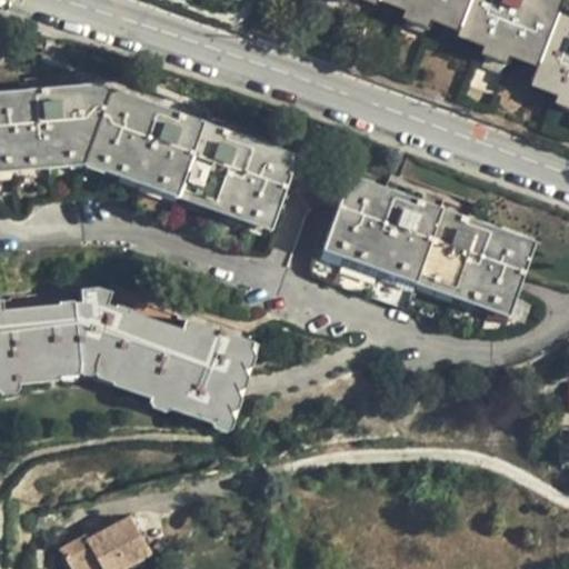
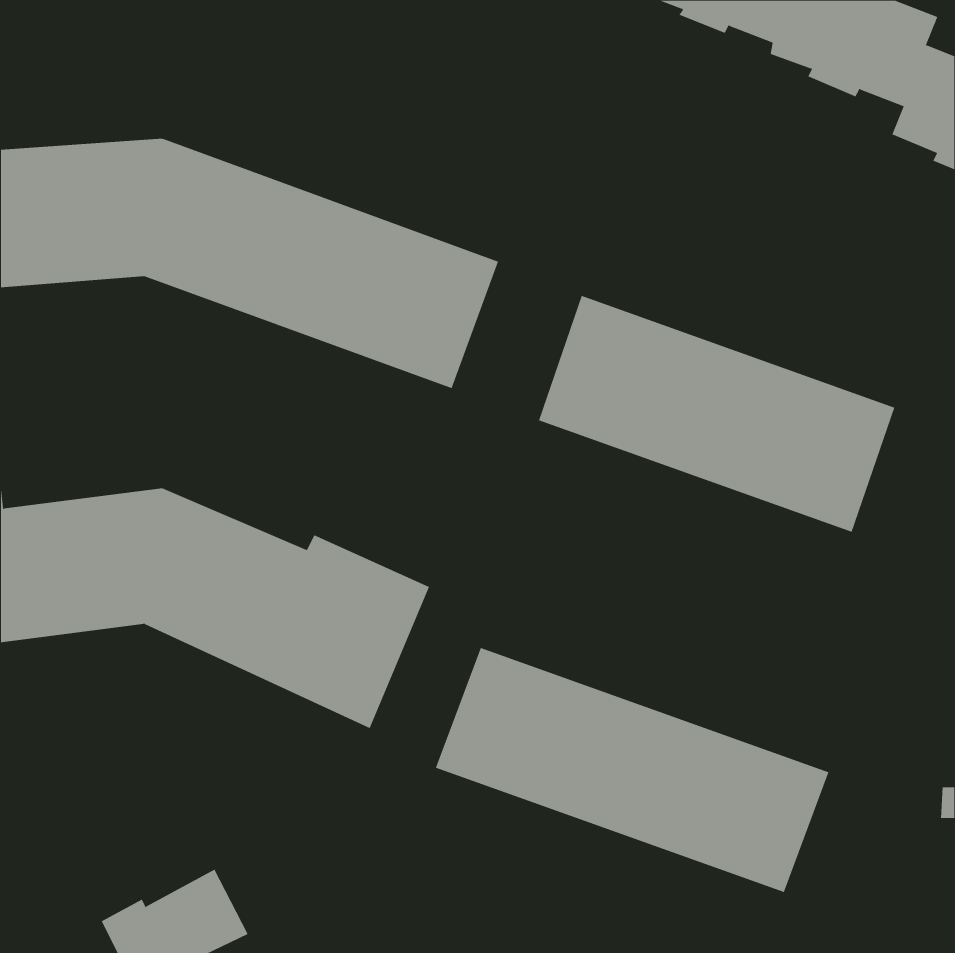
building: none -> [435,647,829,893]

